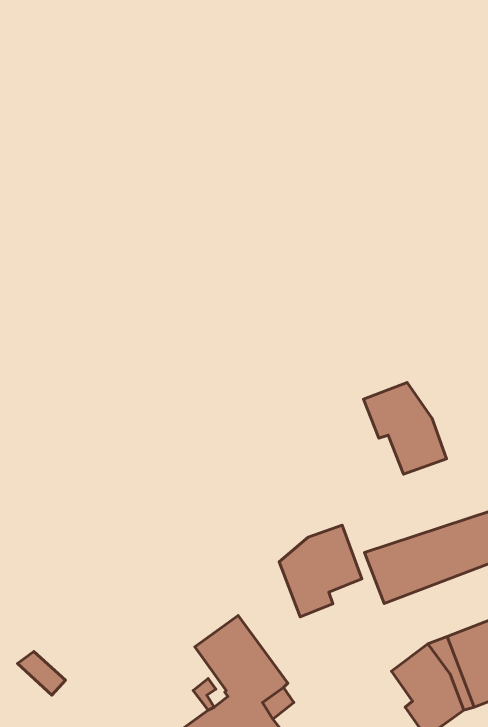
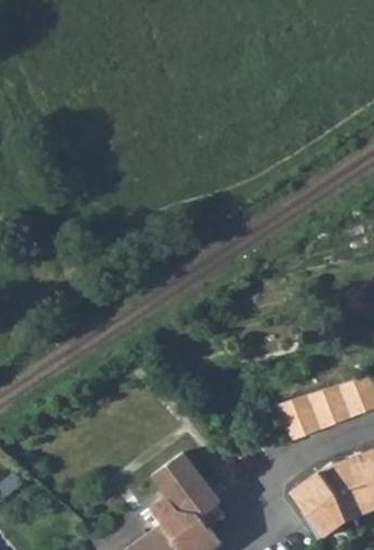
building: [363,383,447,474] -> none
building: [279,525,362,617] -> none

